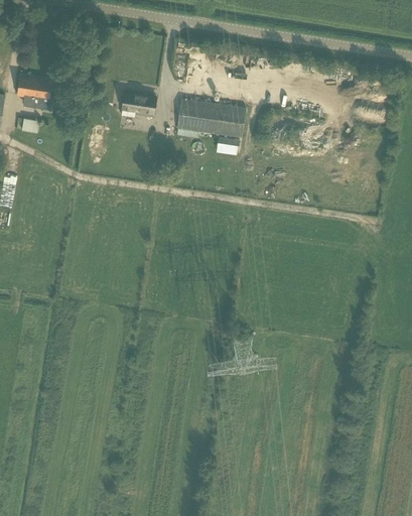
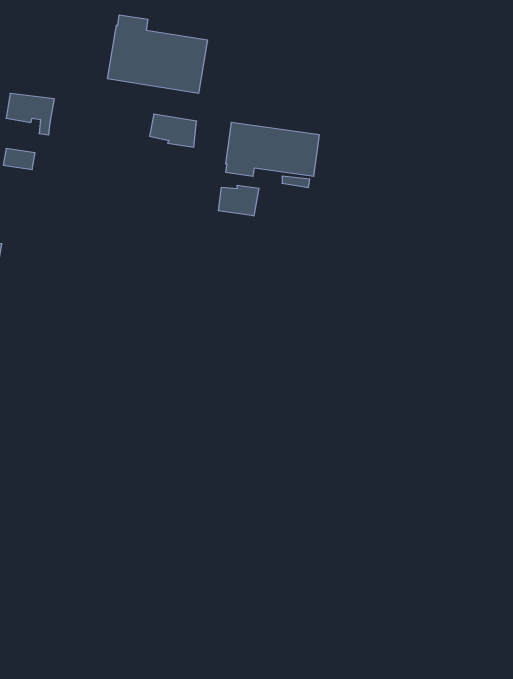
building: none -> [107,15,207,93]
building: none -> [219,185,259,216]

